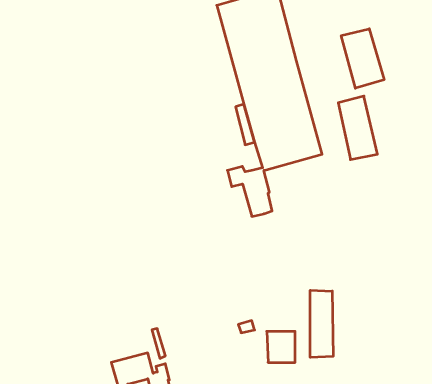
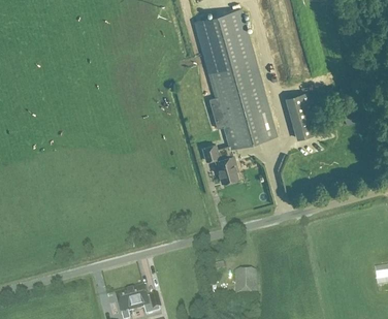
building: [341,29,384,88] -> none
building: [310,290,333,357] -> none

